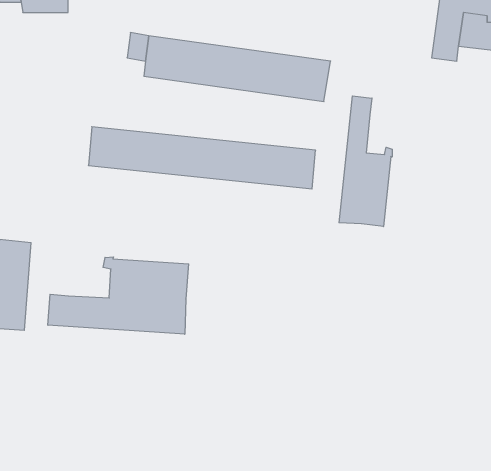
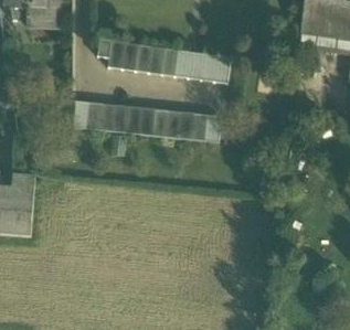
building: [339,96,392,227] -> none
building: [48,257,189,334] -> none

